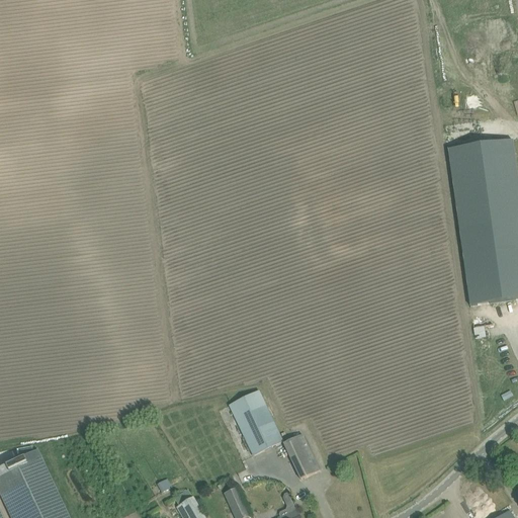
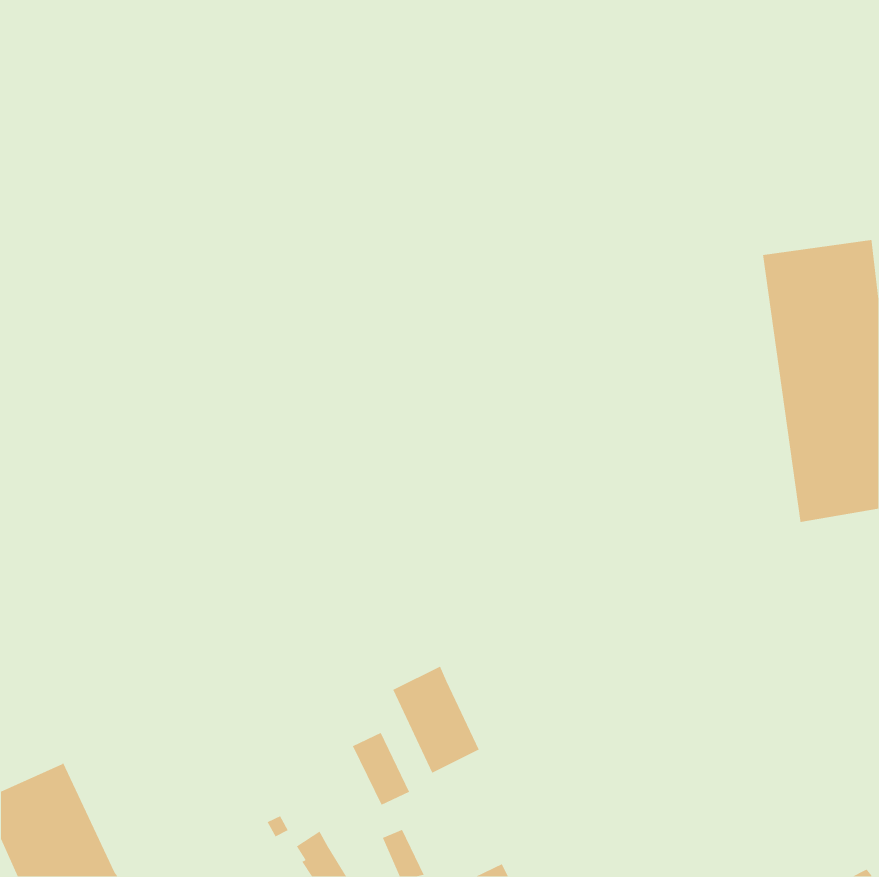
building: [284,435,319,479] -> [352,732,410,806]

